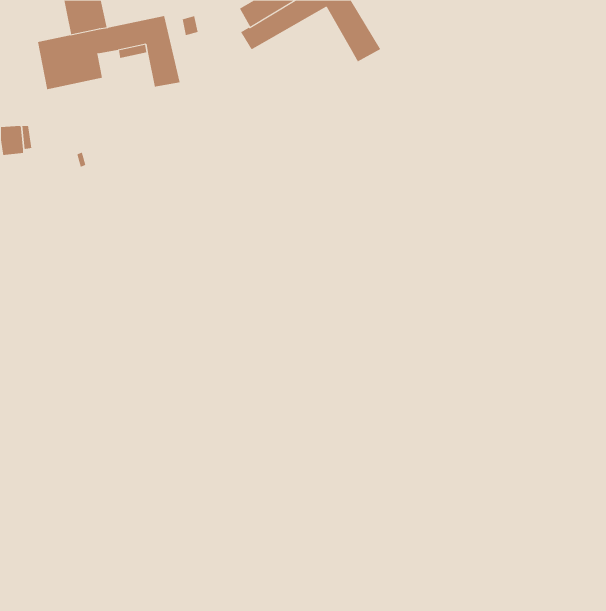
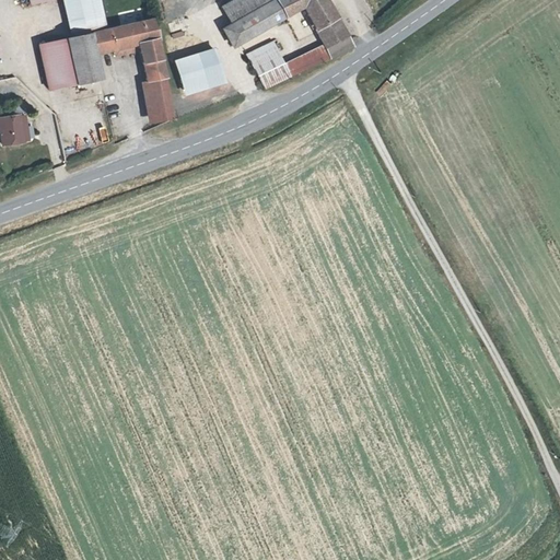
building: none -> [248,42,331,89]
building: none -> [178,56,222,85]
building: none -> [145,75,179,131]

